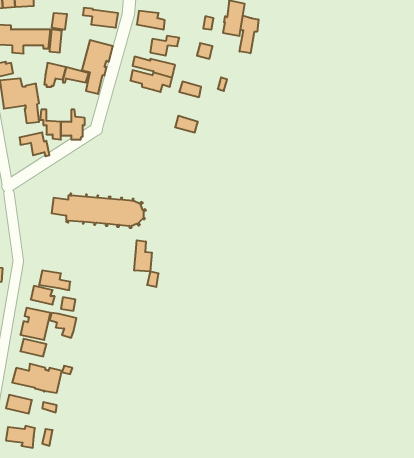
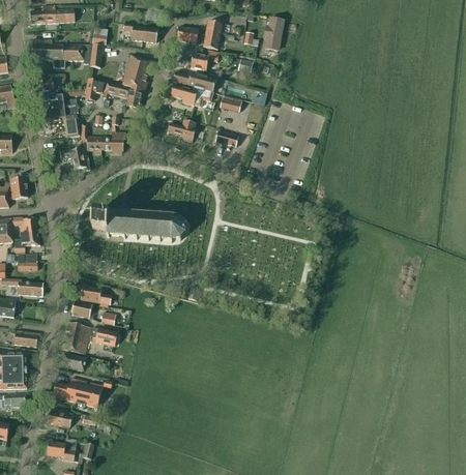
building: none -> [203,21,223,50]
building: [240,16,258,53] -> none
building: none -> [167,119,196,142]
building: [134,240,152,271] -> none

